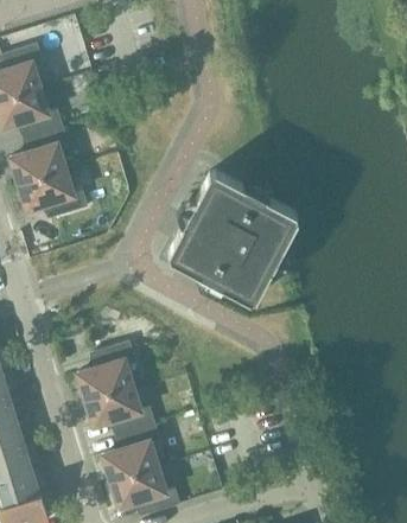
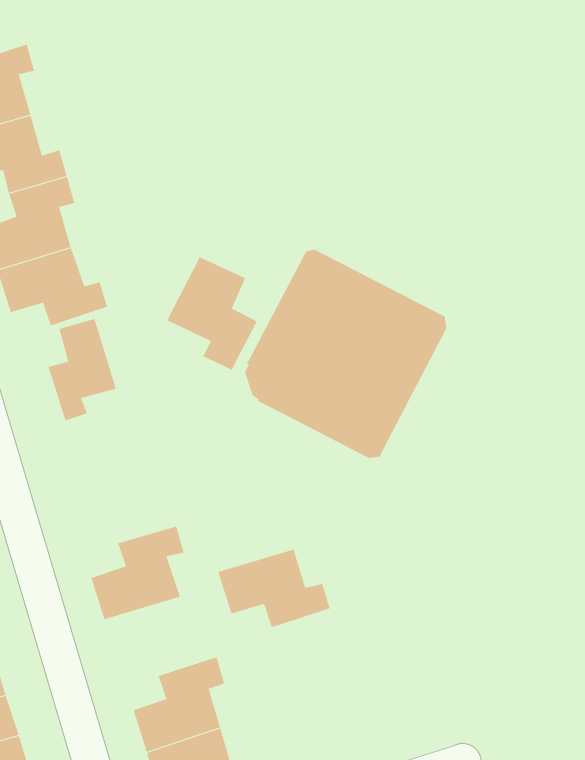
building: none -> [166,257,258,370]
building: none -> [48,318,116,421]
building: [87,389,157,438] -> [217,549,331,628]

